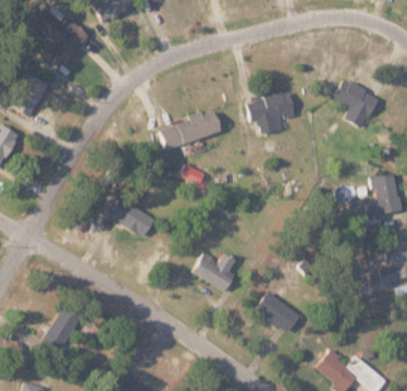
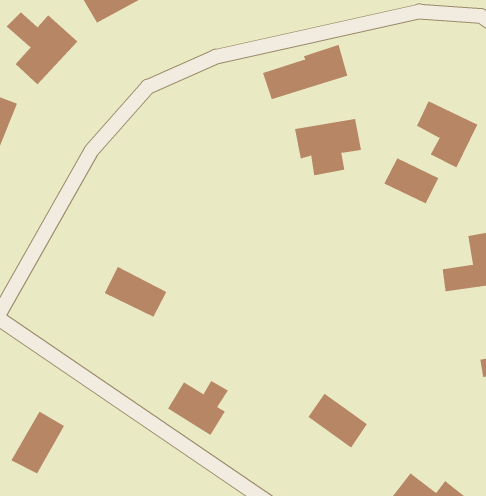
building: [160,110,222,150] -> [262,44,348,100]
building: none -> [384,158,439,204]
building: [194,252,238,292] -> [167,380,229,436]

